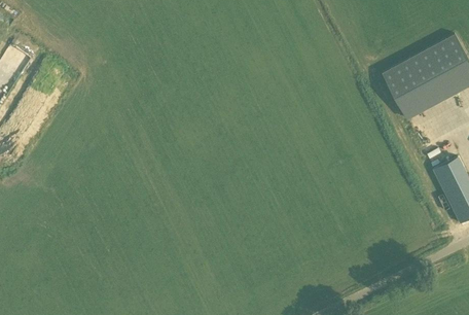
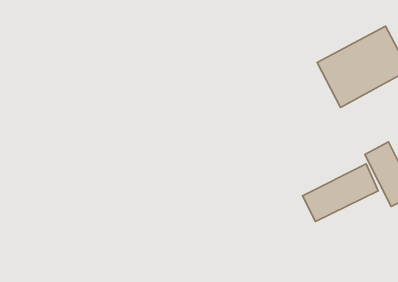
building: none -> [303,164,378,222]

